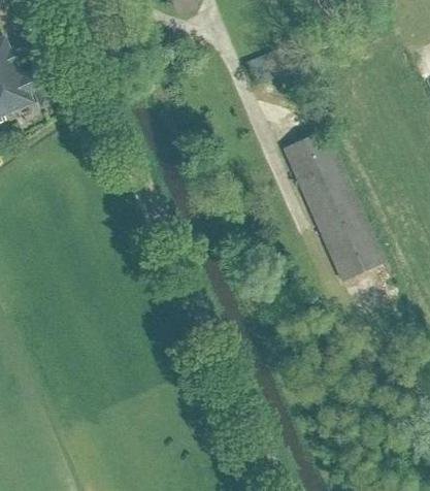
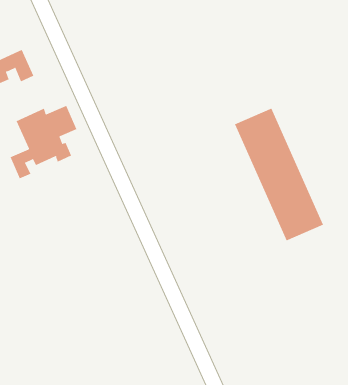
building: none -> [10,105,77,179]

